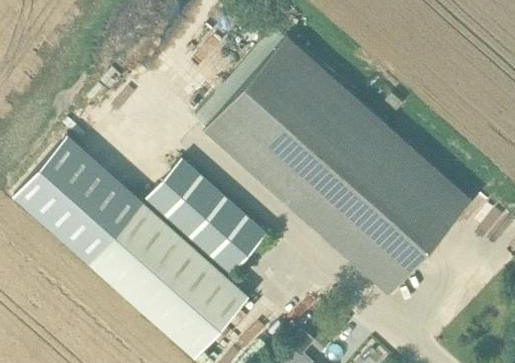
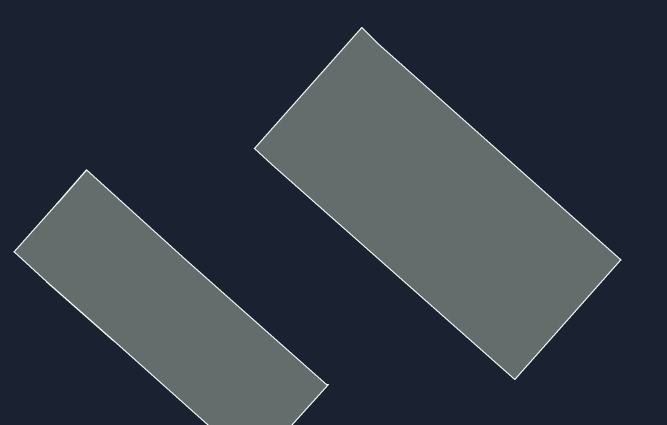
building: [148,162,266,273] -> none

